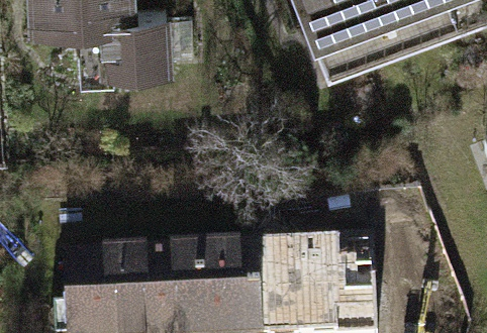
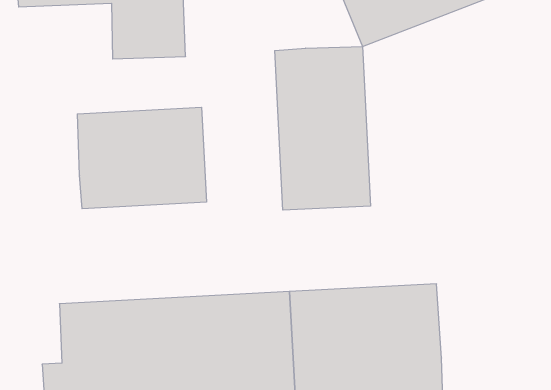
building: none -> [275,47,370,210]
building: none -> [77,107,206,209]

